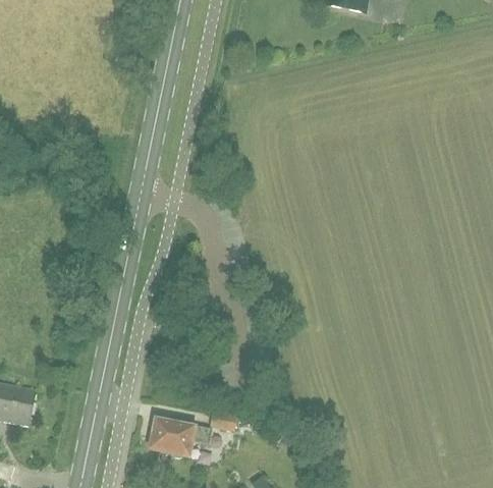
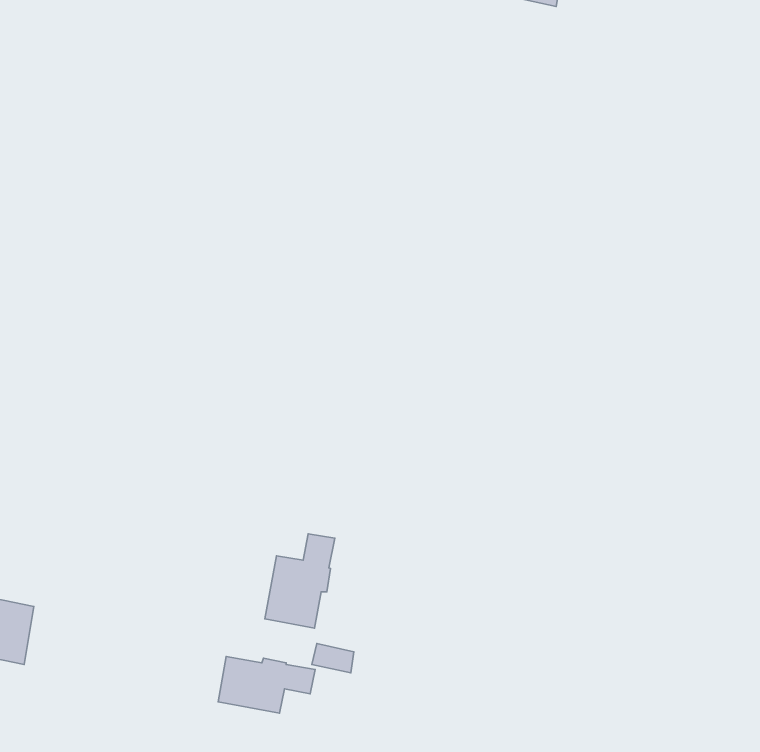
building: none -> [265,534,335,628]

